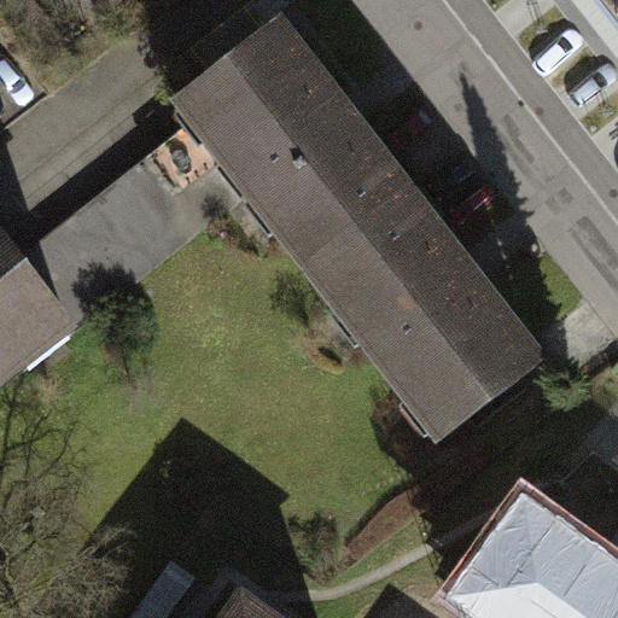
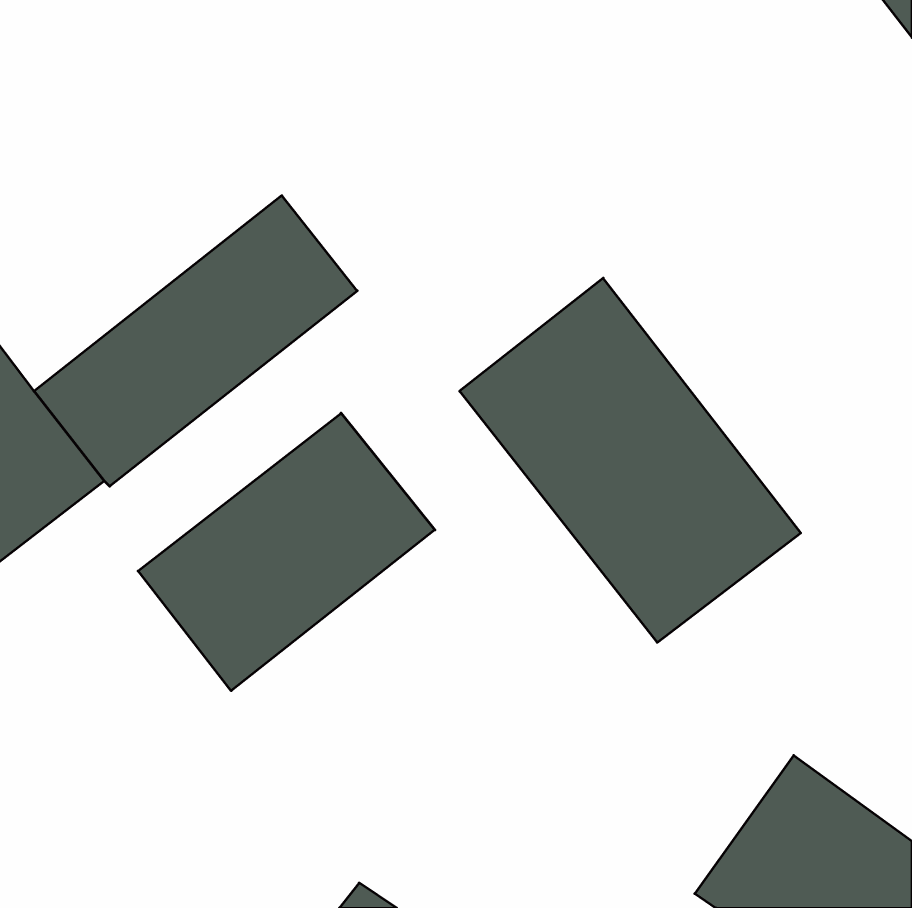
building: [179,21,406,263] -> none
building: none -> [138,413,435,691]

